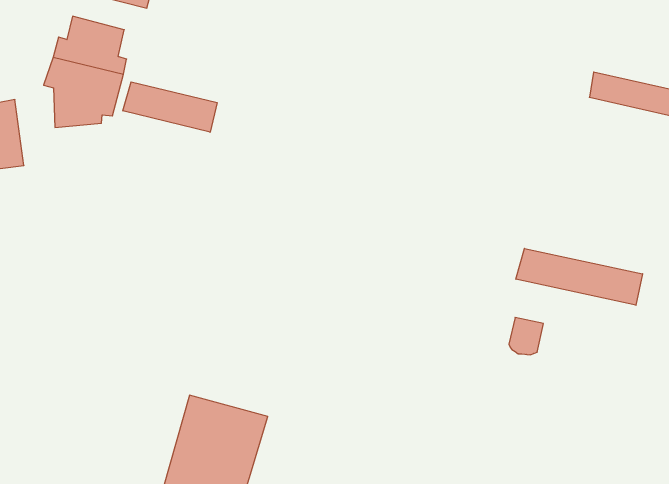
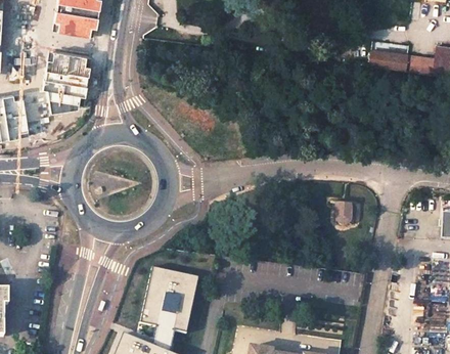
building: [123,82,217,132] -> none
building: [516,248,643,305] -> none

